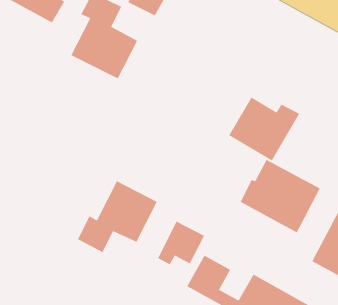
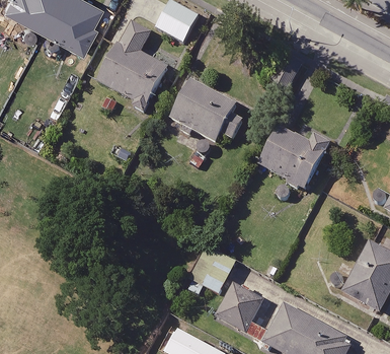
building: none -> [169,79,242,143]
building: [240,159,321,233] -> none
building: [77,180,158,253] -> none

